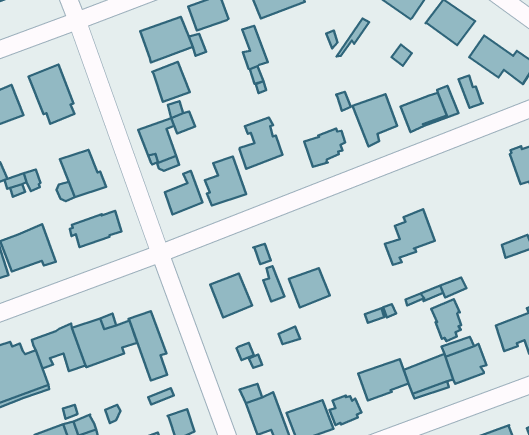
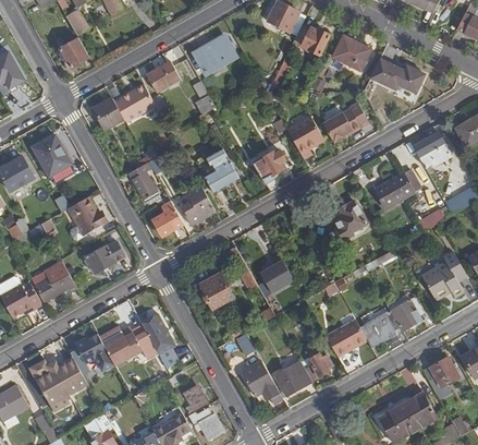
building: [152,62,190,102] -> [93,97,124,130]
building: none -> [375,169,421,208]
building: [431,299,461,341] -> none

